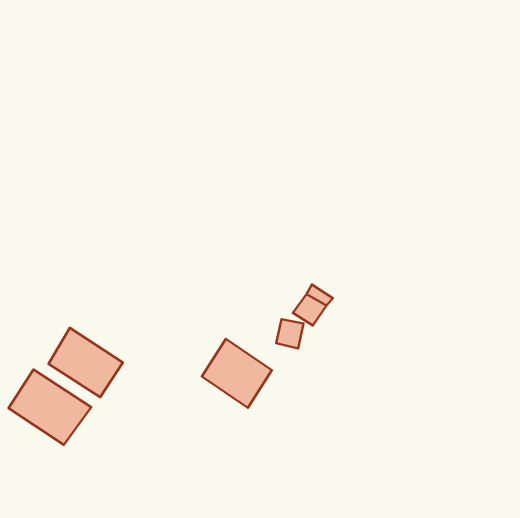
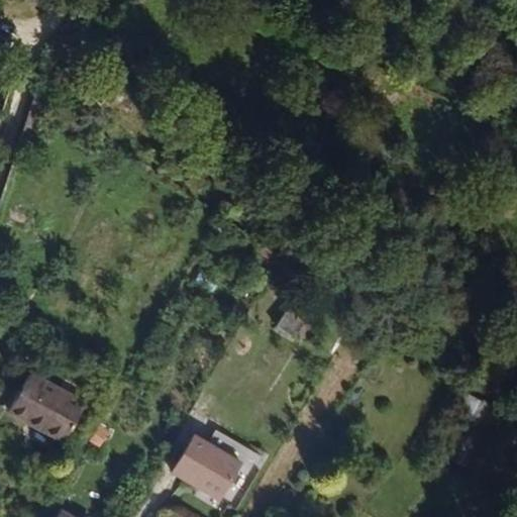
building: [49,328,123,397] -> none
building: [202,339,272,408] -> [174,432,241,499]

